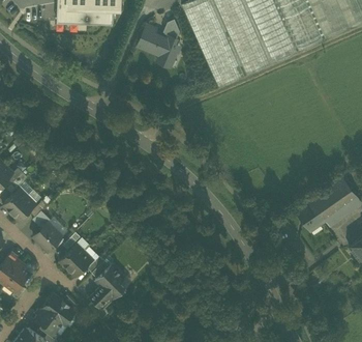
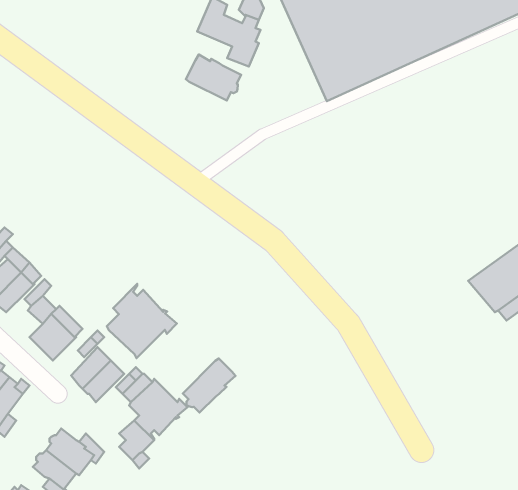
building: none -> [186,54,241,100]
building: [294,201,323,230] -> none
building: none -> [107,284,177,358]
building: none -> [183,358,235,413]

